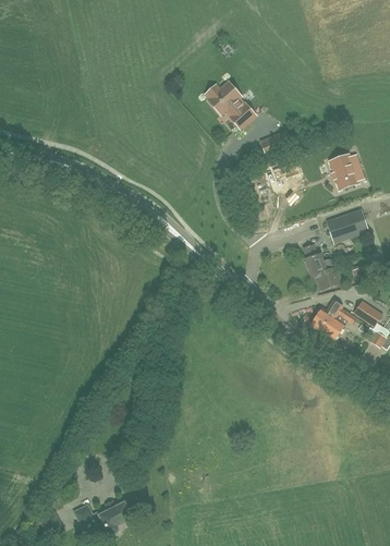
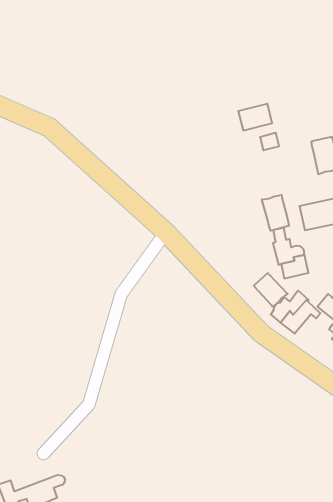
building: [206,82,255,128] -> none
building: none -> [262,195,289,231]
building: none -> [254,273,288,307]

